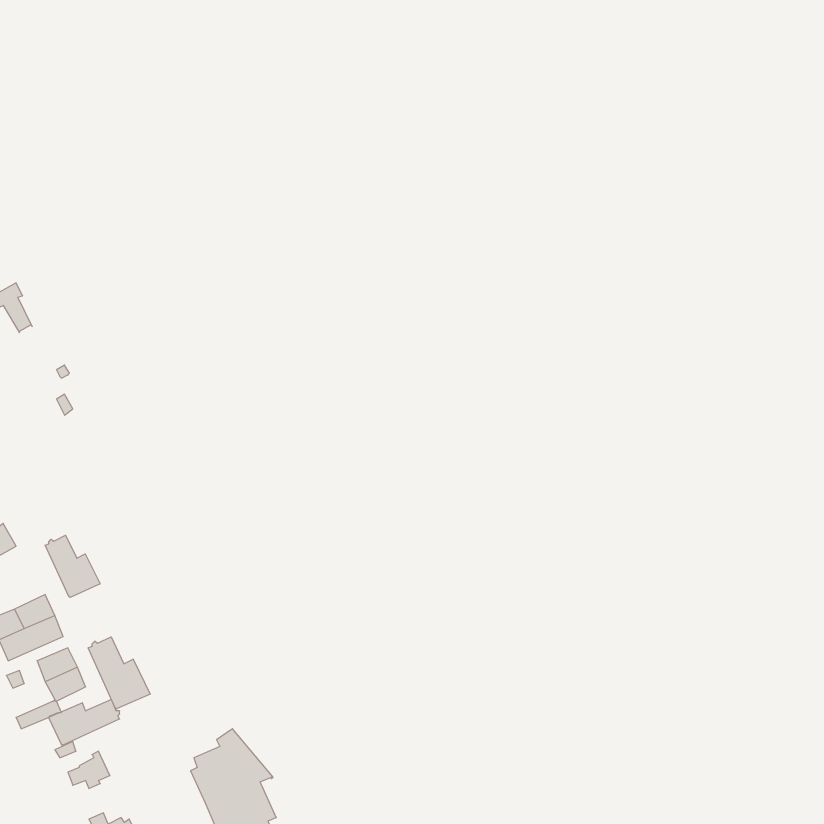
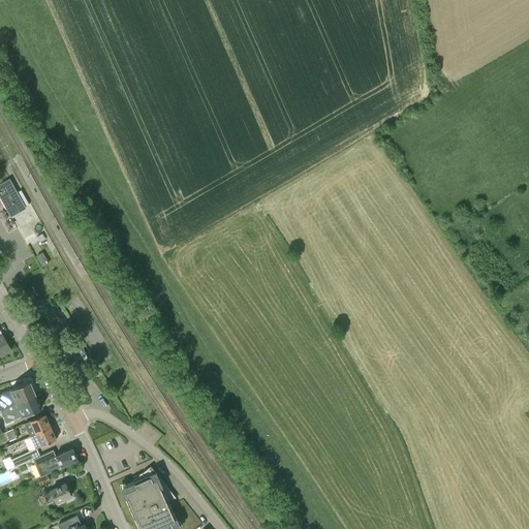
building: [45,535,100,597] -> none
building: [88,637,150,709] -> none

